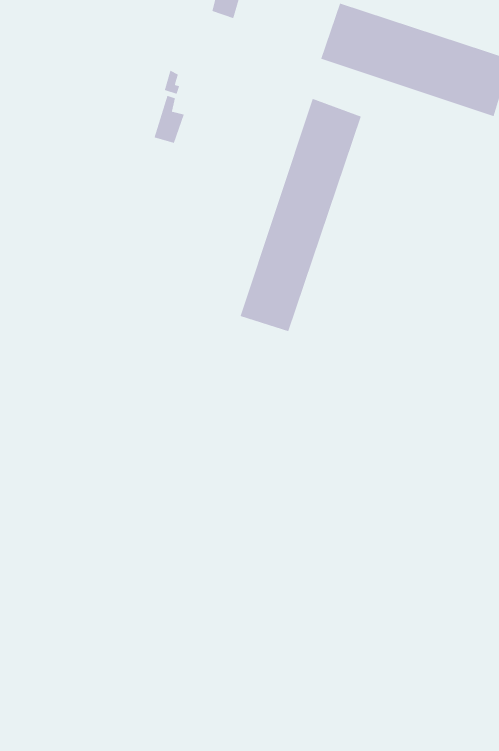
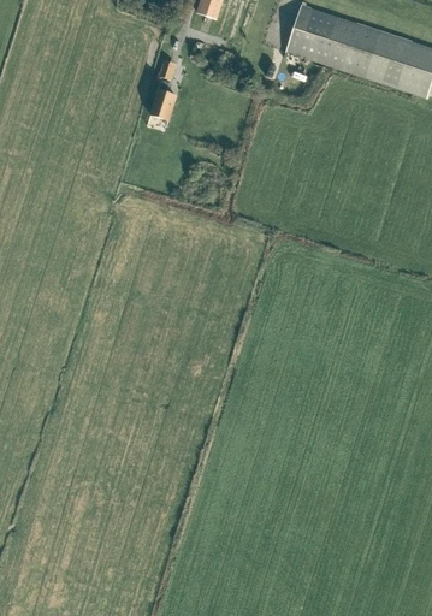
building: [239,98,362,332] -> none

